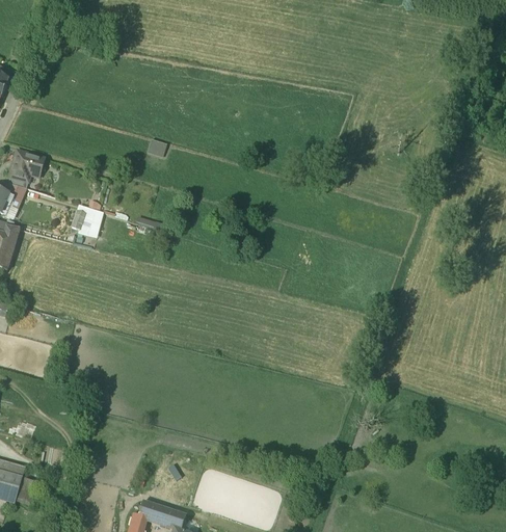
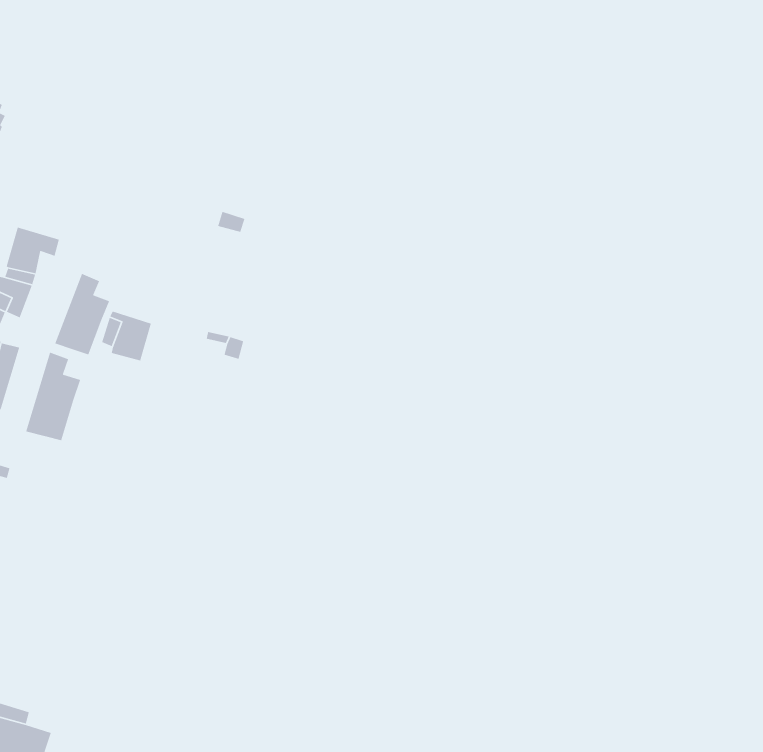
building: none -> [54,273,110,356]
building: none -> [25,352,81,441]

